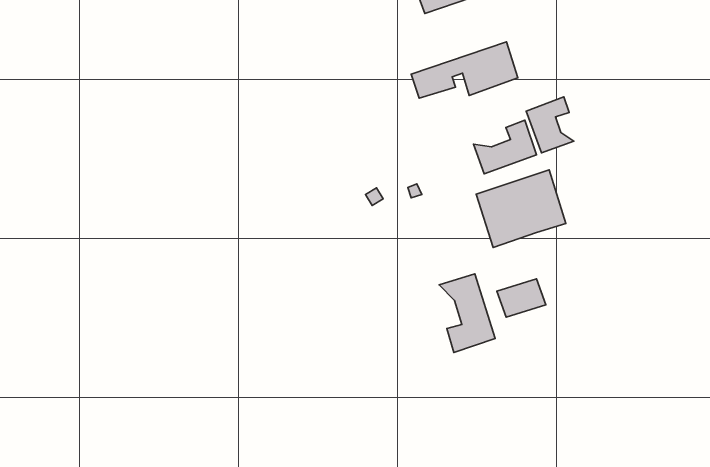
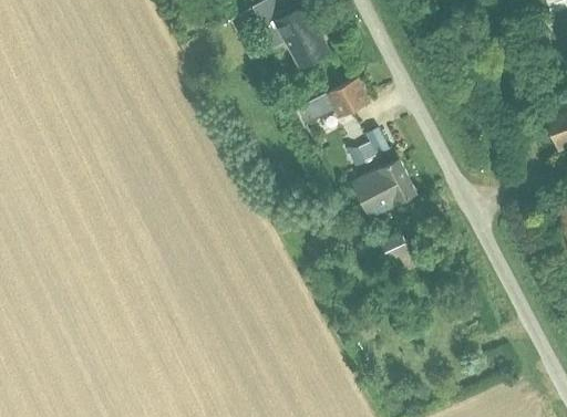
building: [526,97,574,153] -> none
building: [439,274,495,353] -> none

